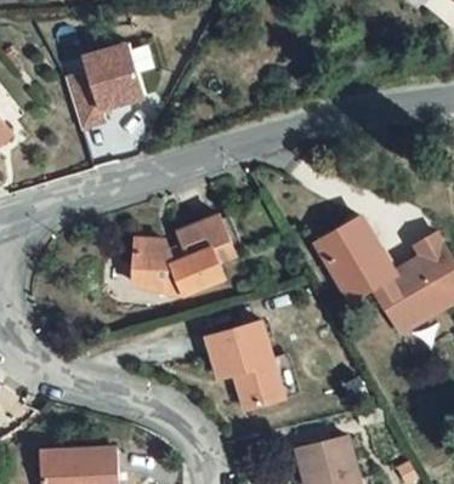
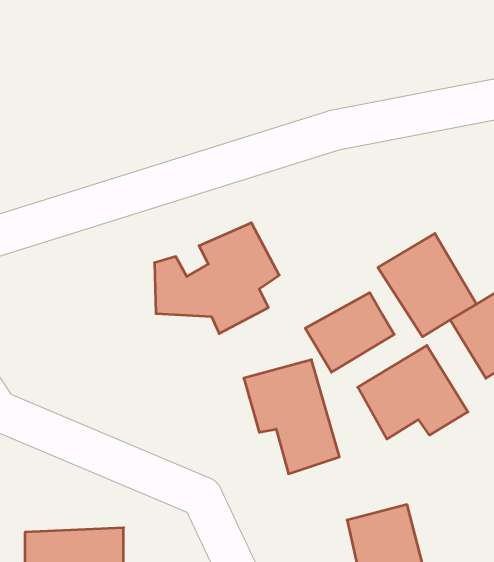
building: [62,47,141,132] -> none
building: none -> [305,293,394,372]
building: none -> [358,345,468,439]

